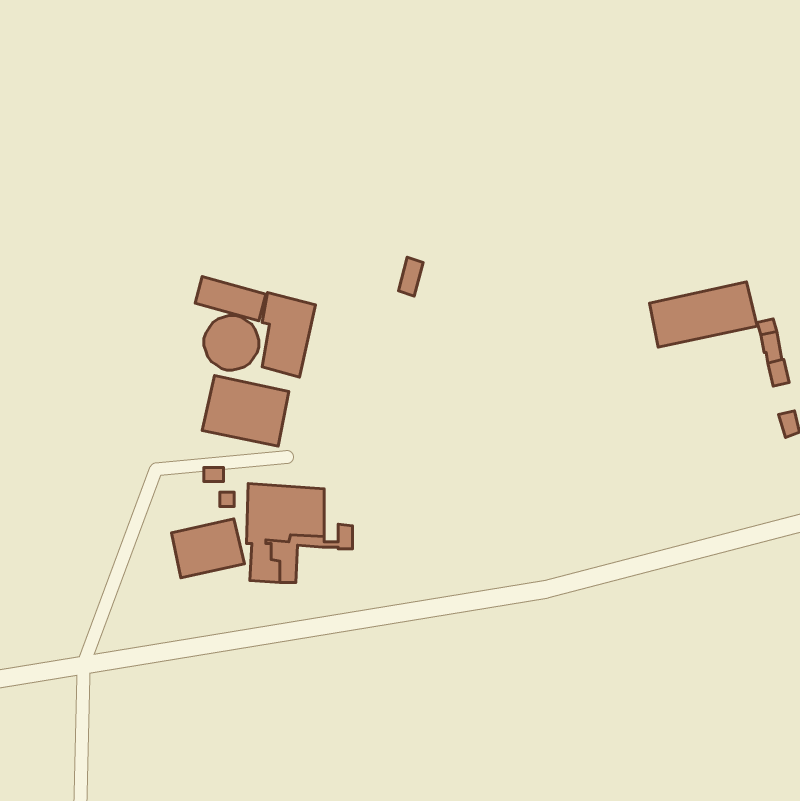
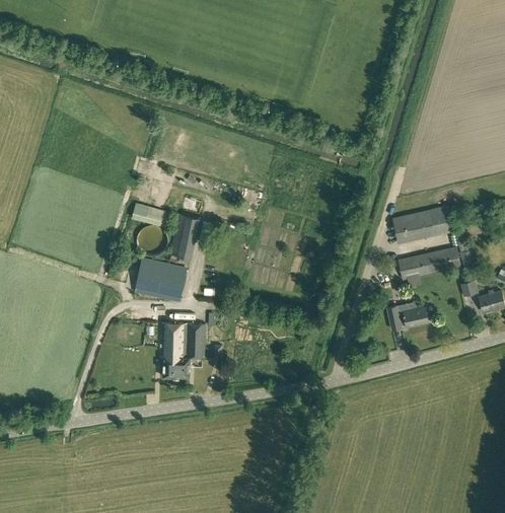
building: none -> [399,245,461,280]
building: none -> [387,305,429,331]
building: [172,519,244,578] -> none

